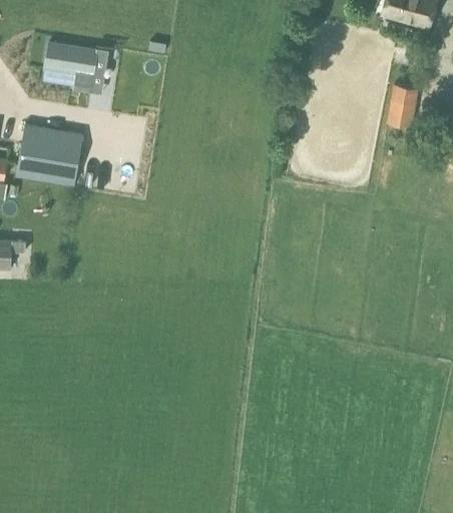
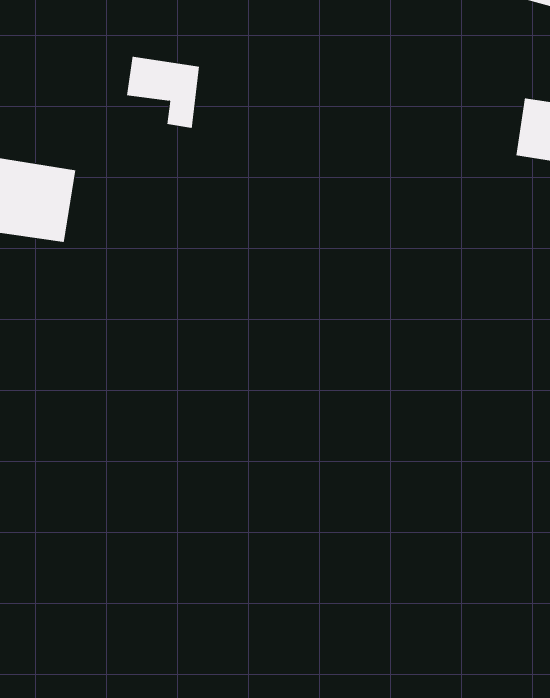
building: [43,41,94,91] -> [126,56,200,129]

